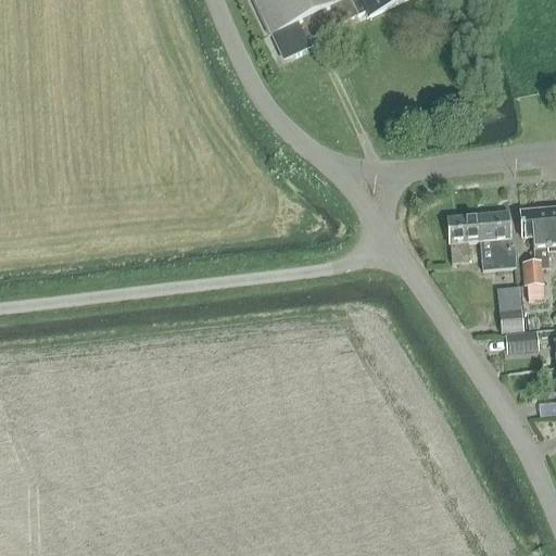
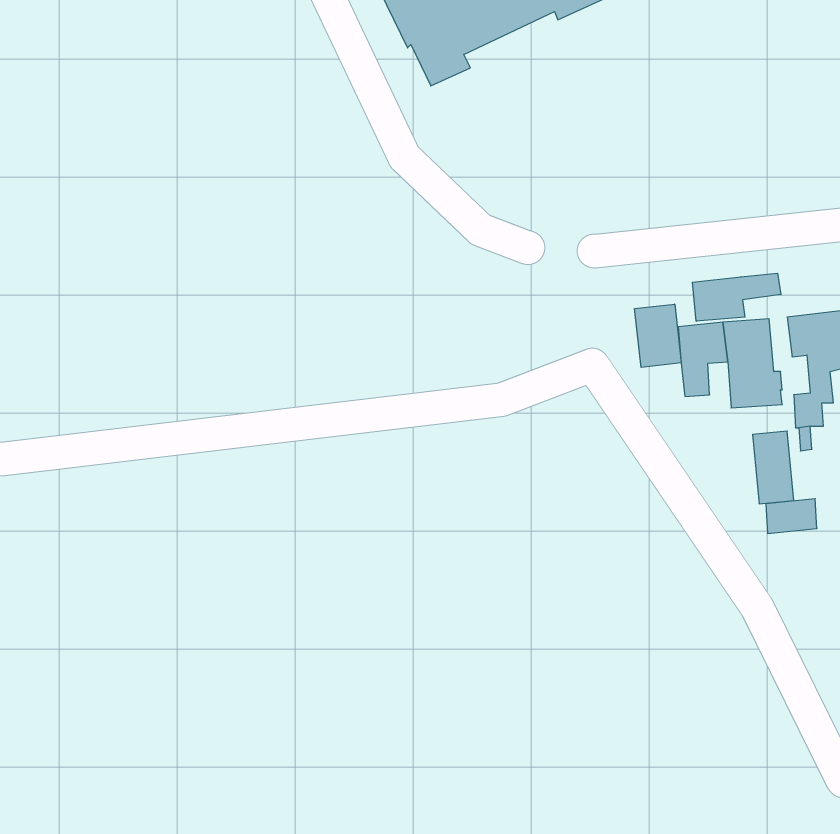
building: none -> [692,273,781,321]
building: none -> [635,304,681,367]

